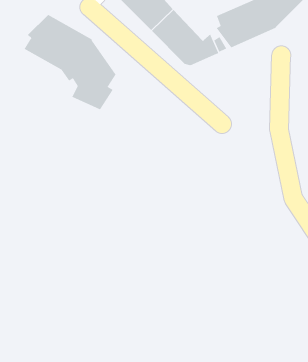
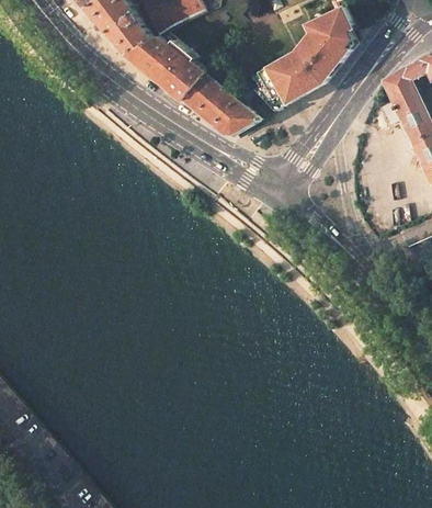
building: [24,14,116,110] -> none

